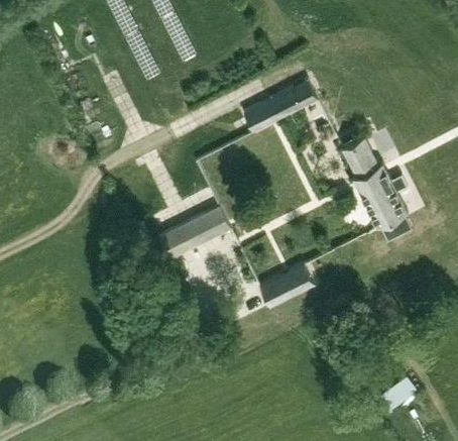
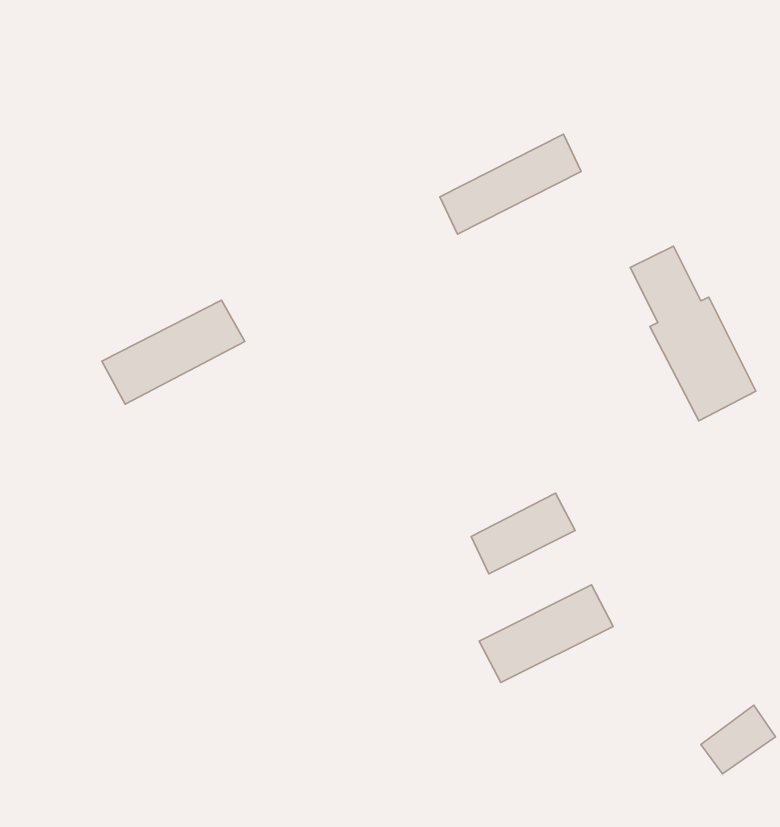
building: [156,205,230,258] -> [102,300,245,404]
building: none -> [479,585,613,683]

